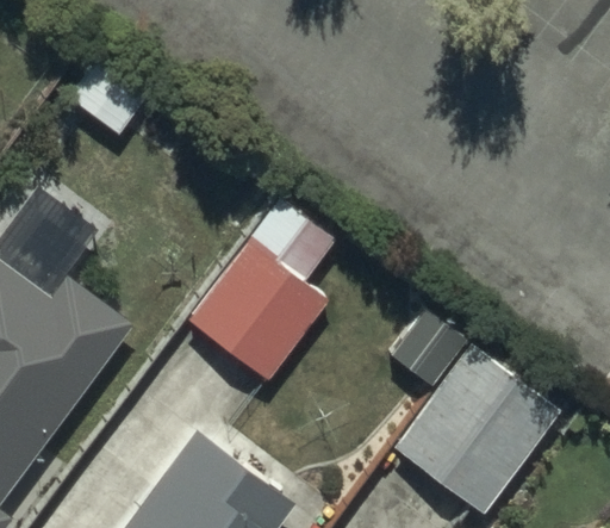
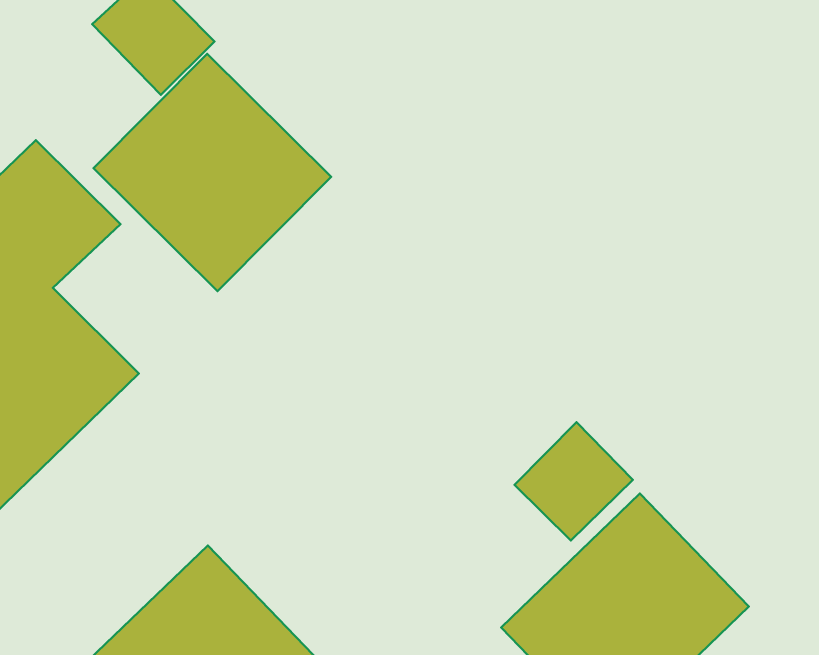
building: none -> [94,54,331,291]
building: [185,195,332,381] -> none

